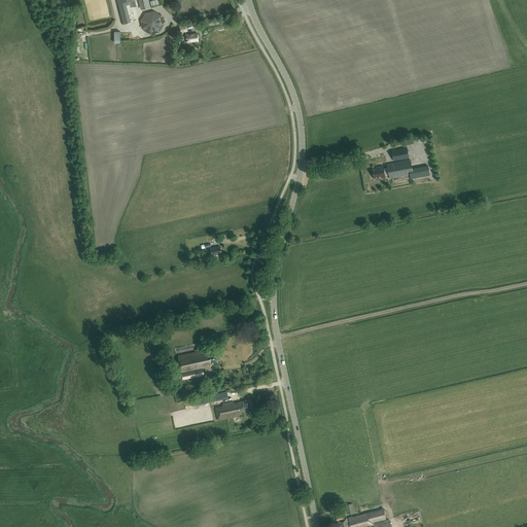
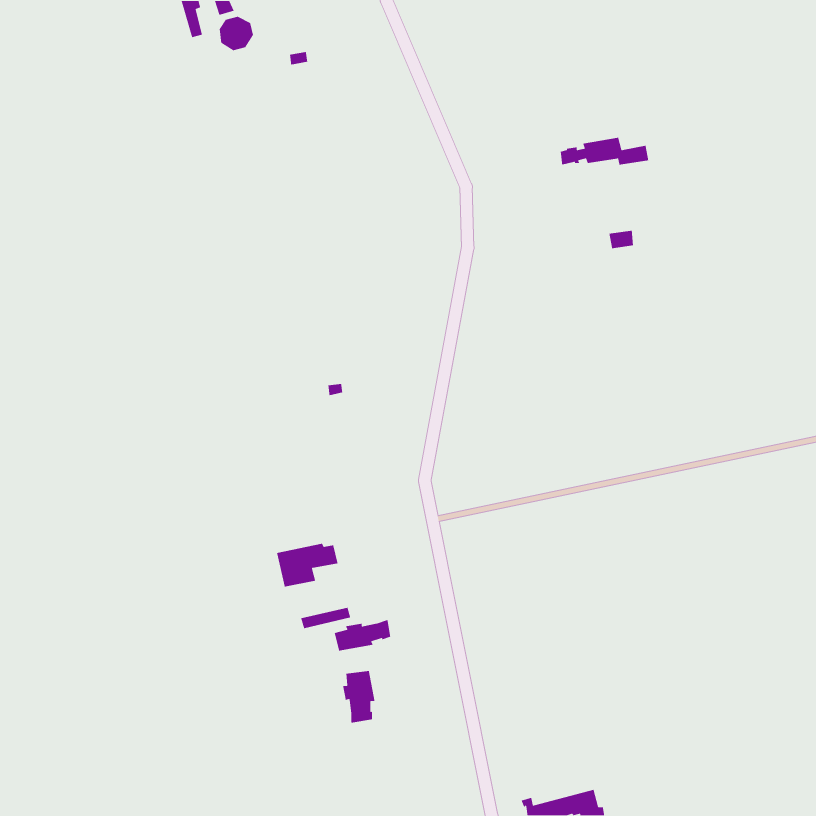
building: [373,161,430,179] -> [560,137,649,166]
building: none -> [342,670,375,724]

